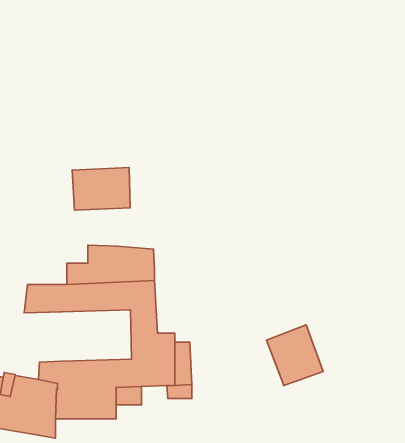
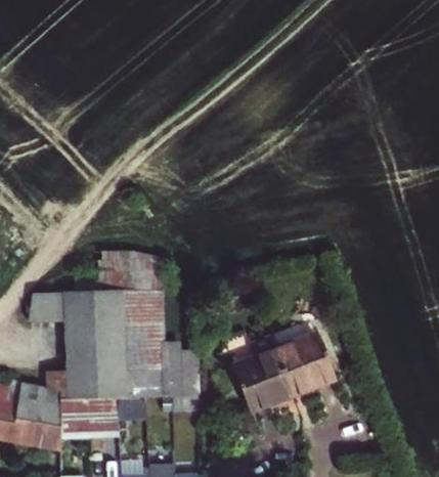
building: [72,168,130,210] -> none
building: none -> [68,319,138,372]
building: none -> [234,335,293,411]

